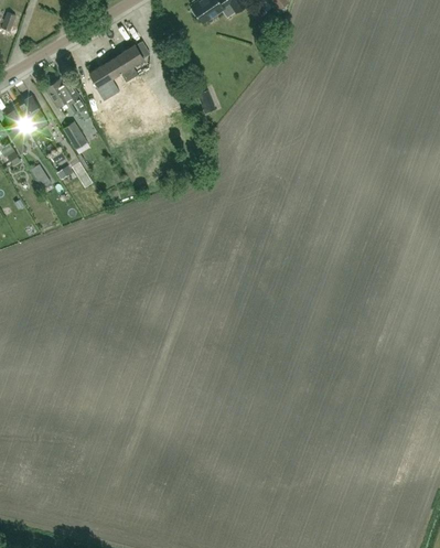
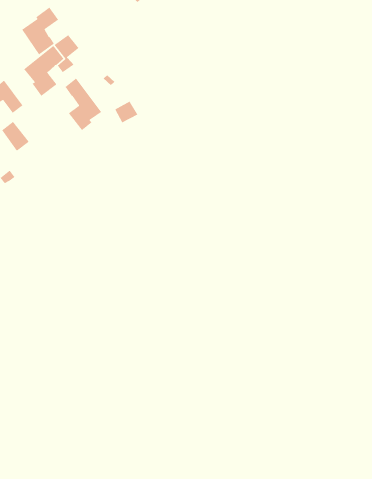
building: none -> [21,7,59,55]
building: none -> [65,78,102,131]

